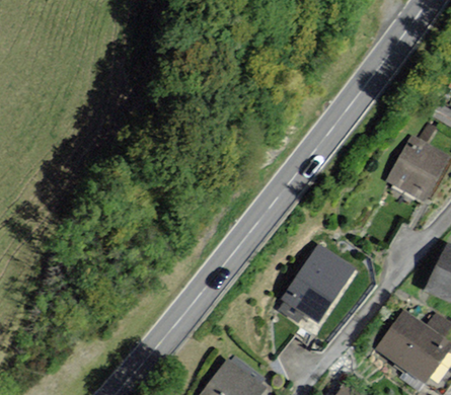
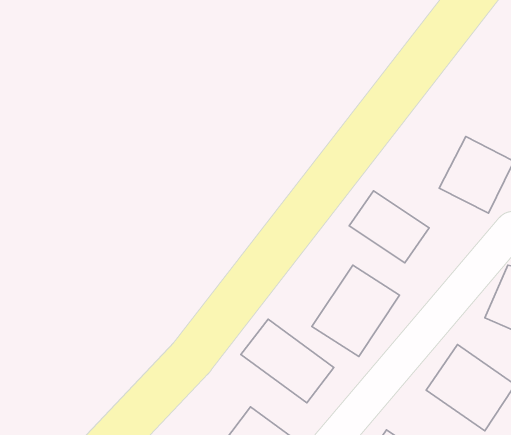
building: none -> [349,191,429,263]
building: none -> [241,319,334,403]

